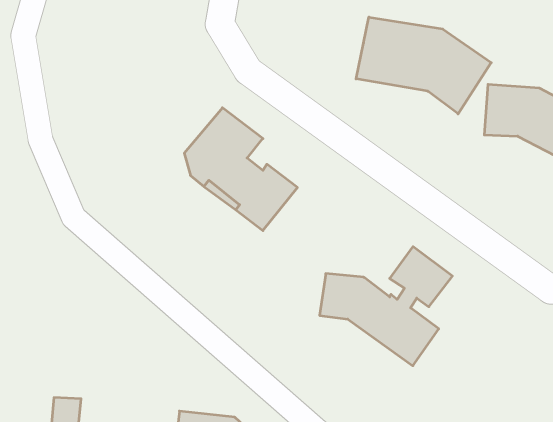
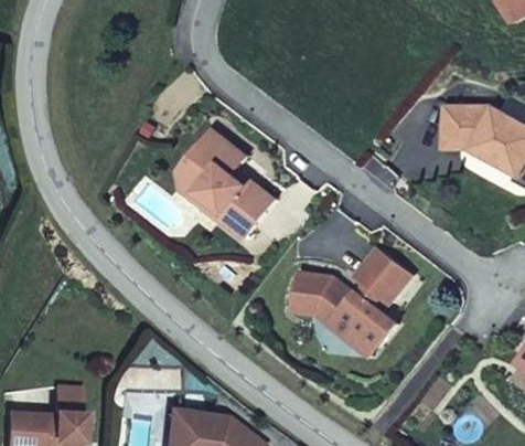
building: [356,17,491,114] -> none

